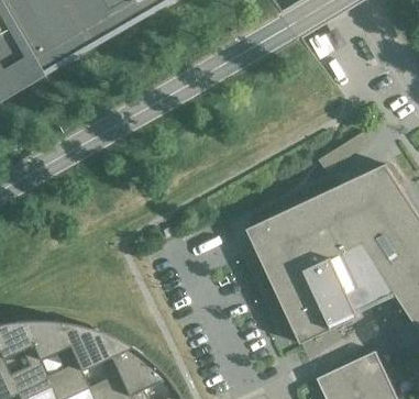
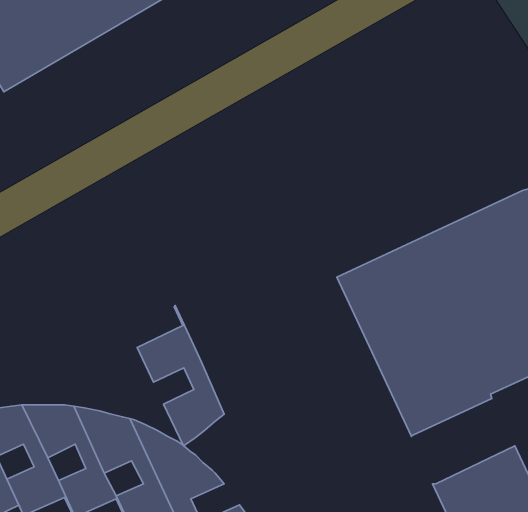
building: none -> [137,306,224,446]

